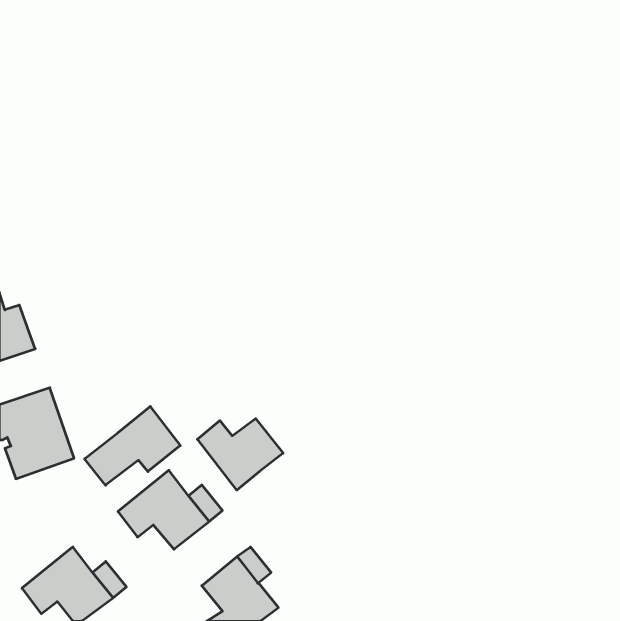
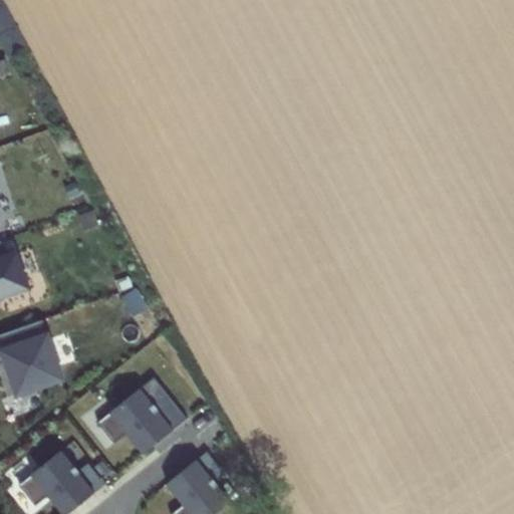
building: [85,406,180,485] -> none
building: [197,419,283,490] -> none

